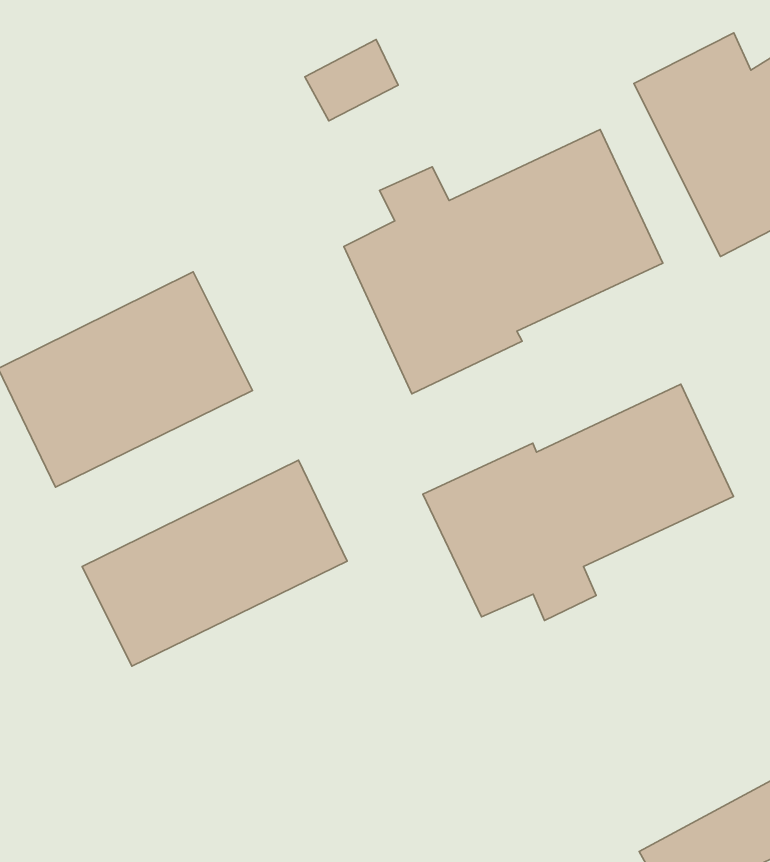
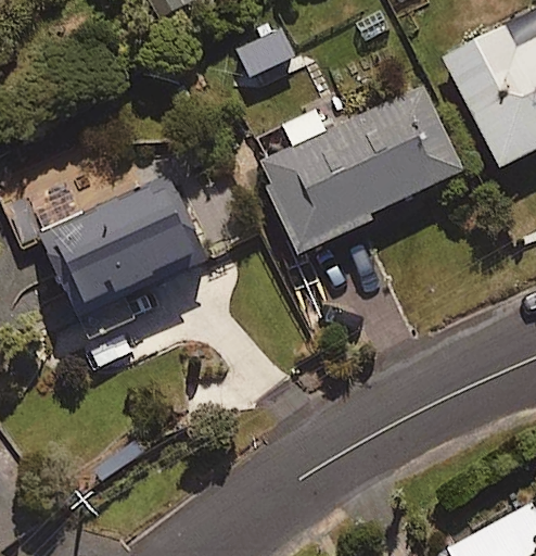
building: [423,384,734,620] -> none
building: [82,460,347,666] -> none

